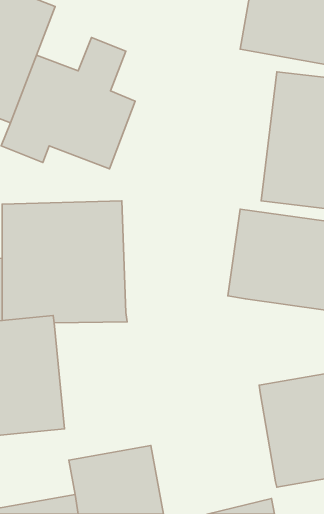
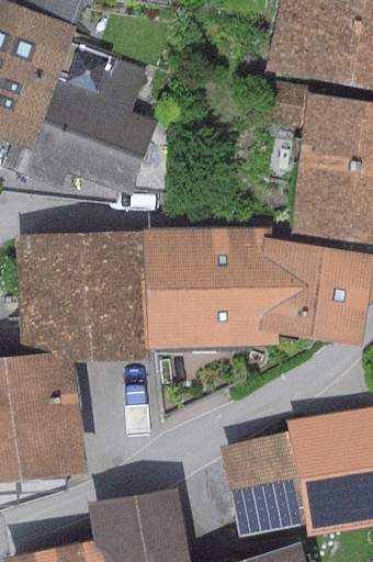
building: none -> [144,231,278,348]
building: none -> [223,432,306,538]

